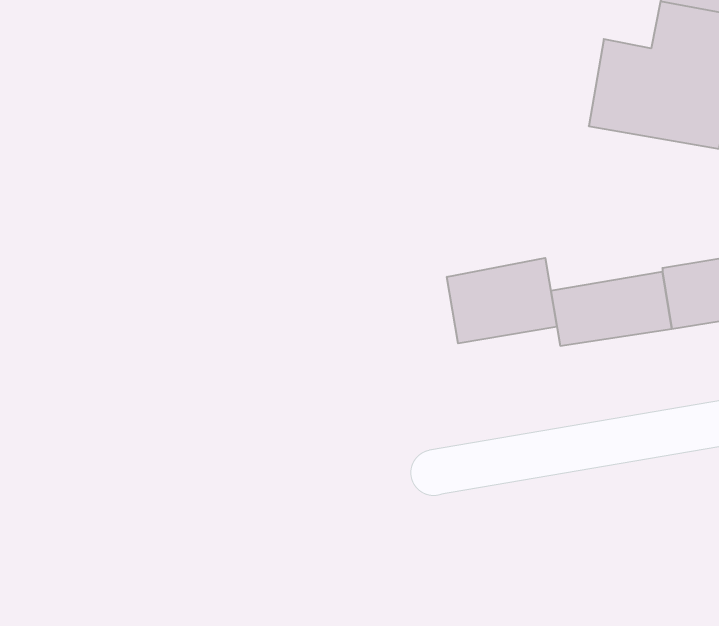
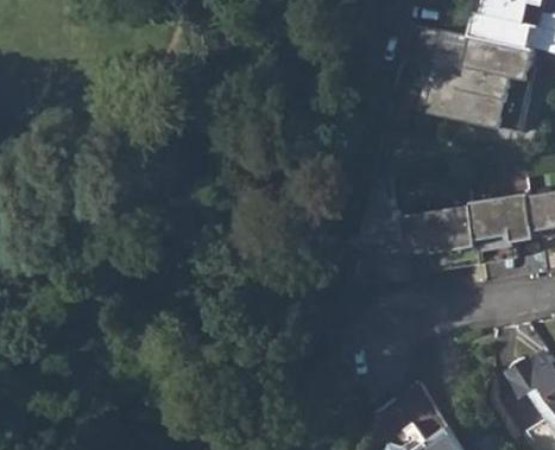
building: [447,258,557,343] -> none

